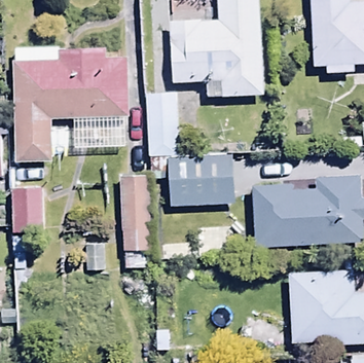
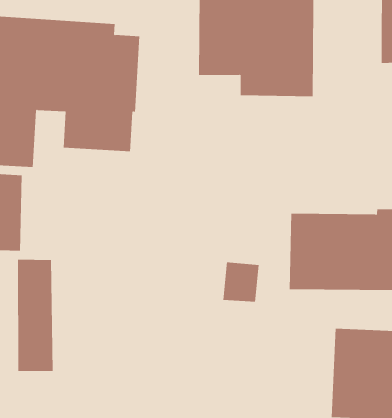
building: [170,142,232,188] -> none
building: [117,156,150,244] -> [17,259,54,372]

